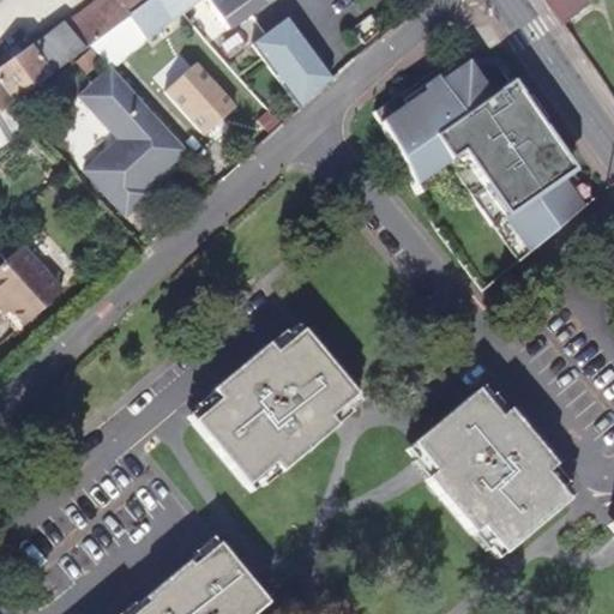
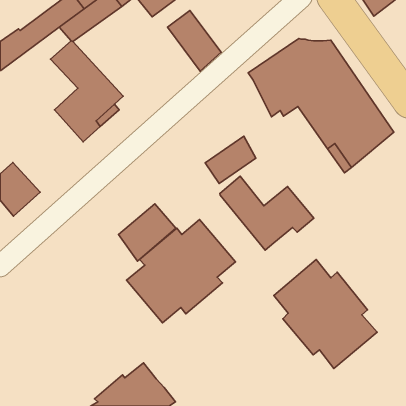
building: [169,61,237,132] -> none
building: none -> [205,136,256,183]
building: none -> [220,176,314,250]
building: none -> [119,204,176,261]

